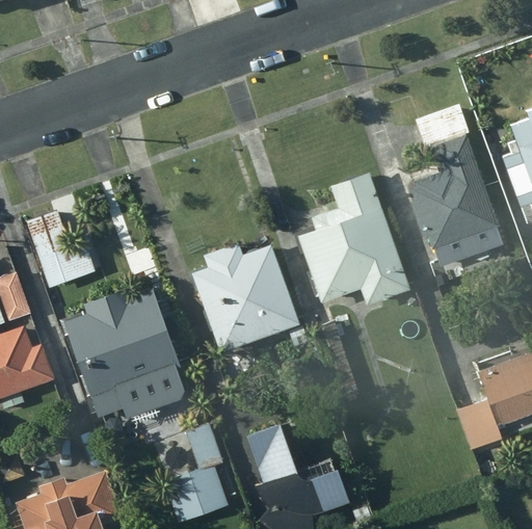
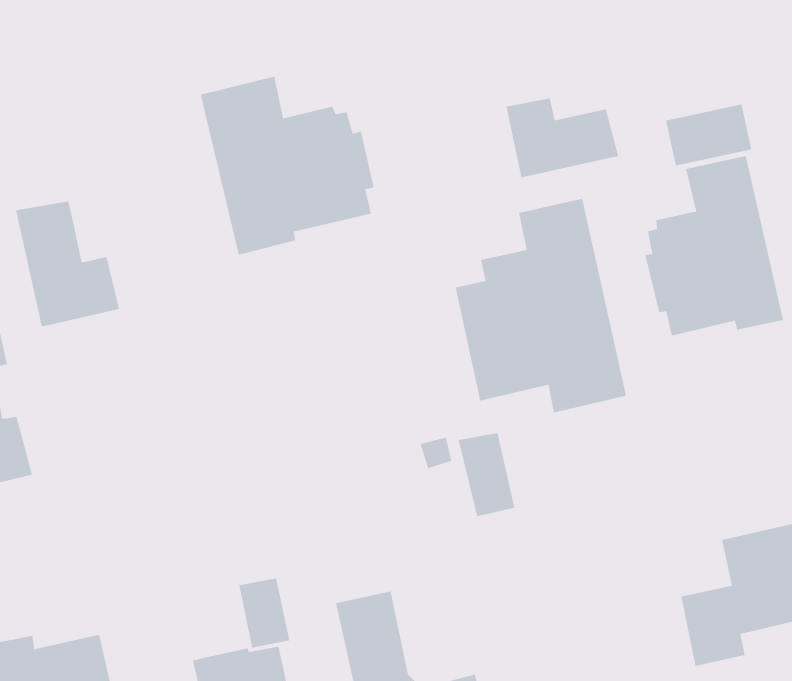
building: none -> [506,97,619,178]
building: none -> [200,76,374,255]
building: [190,244,300,354] -> none
building: [63,289,184,419] -> none

